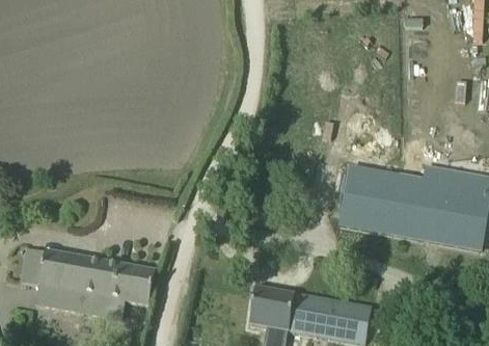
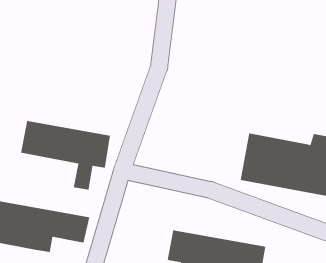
building: none -> [21,120,111,190]

